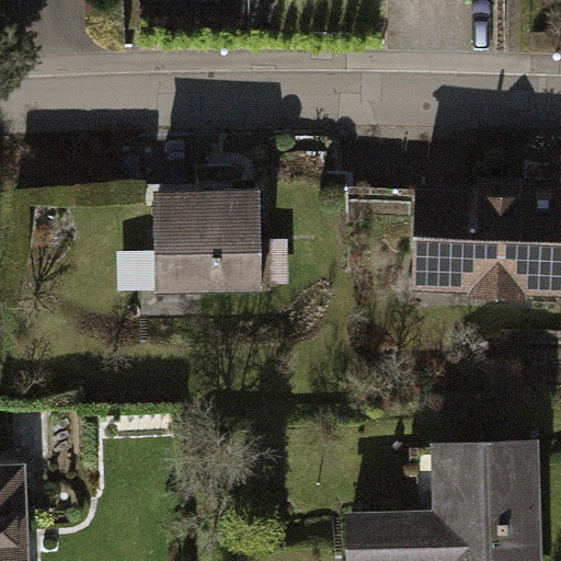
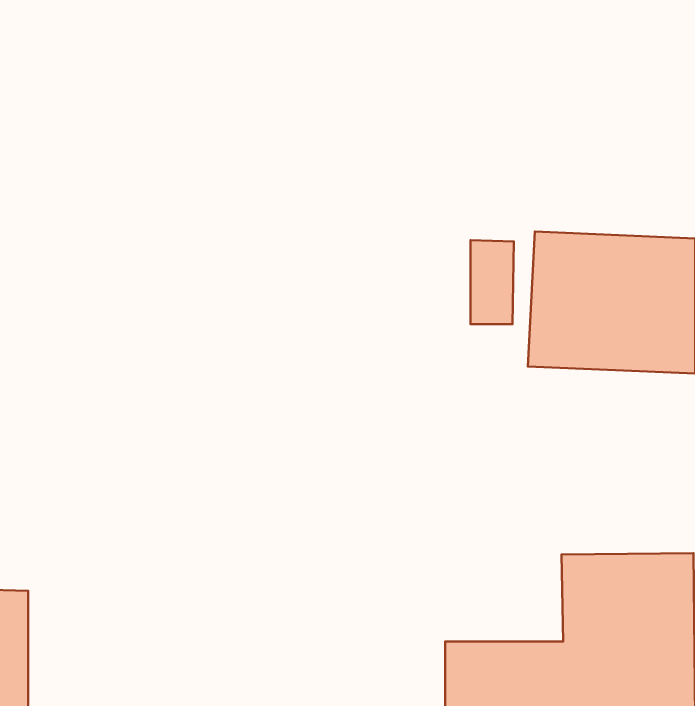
building: [158,191,261,296] -> none

